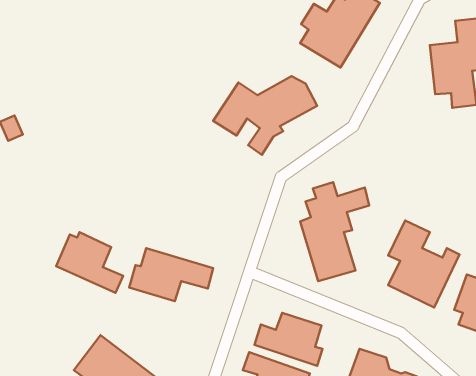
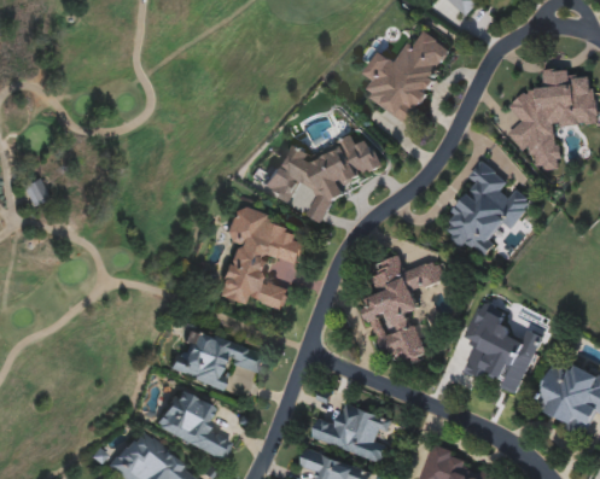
building: none -> [439,159,534,257]
building: none -> [216,206,303,309]
building: [56,232,123,293] -> [153,391,229,460]

